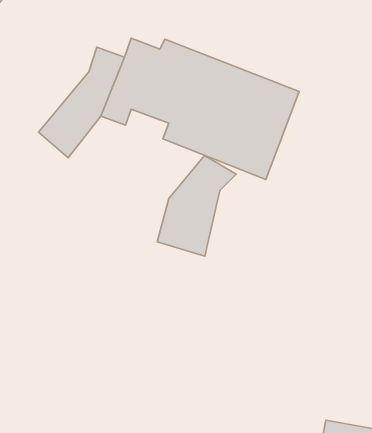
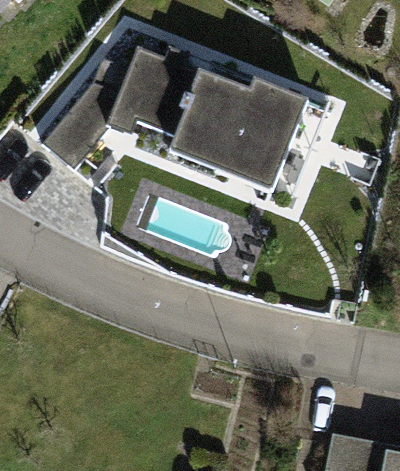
building: [157,155,236,256] -> none

